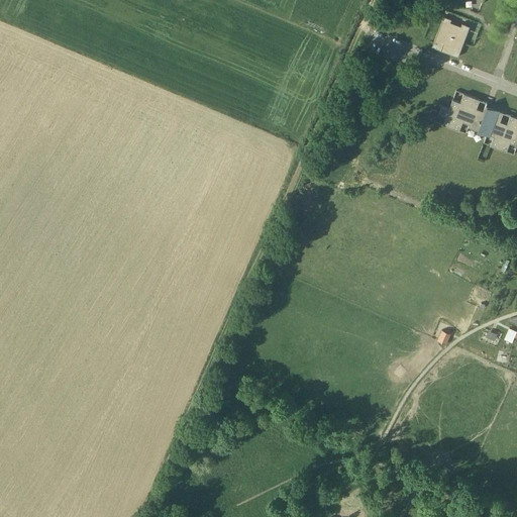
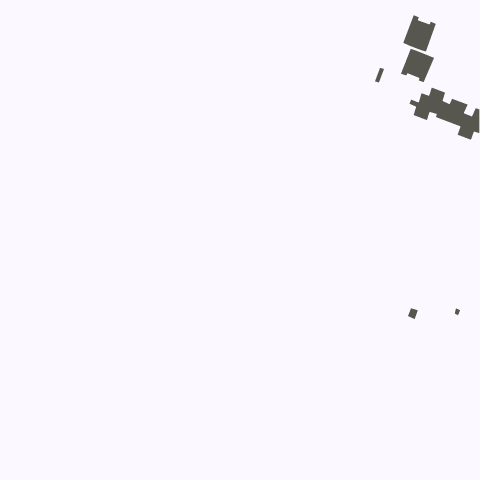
building: none -> [400,48,435,83]

